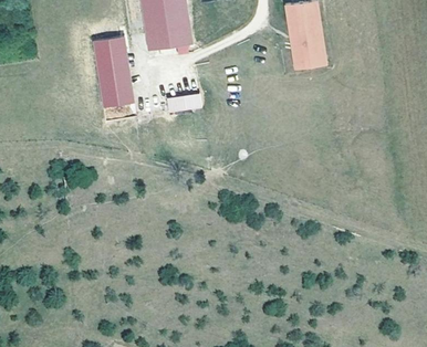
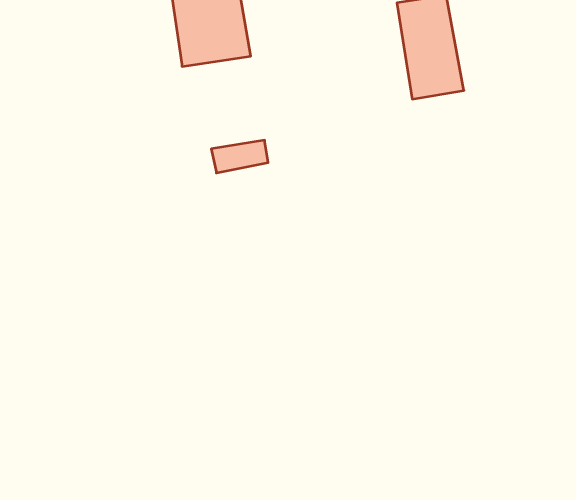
building: [94,36,133,108] -> none

